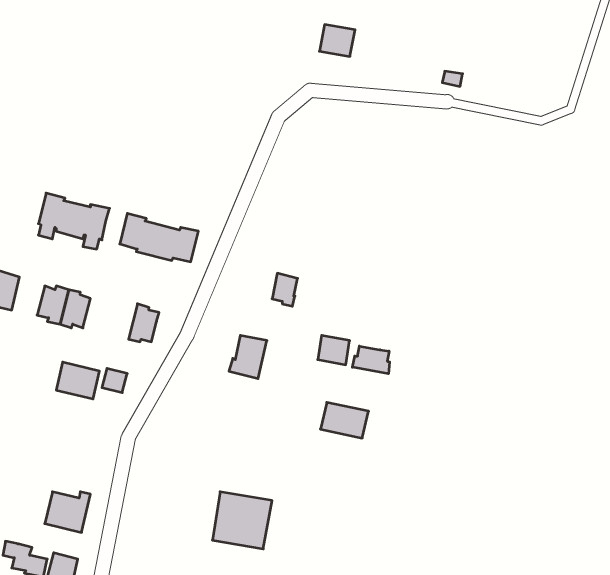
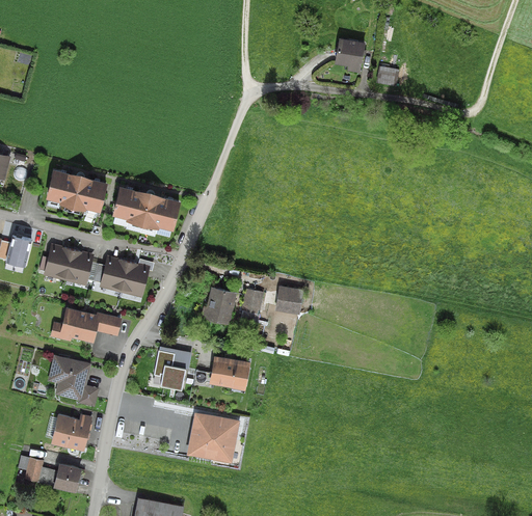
building: [319,25,355,56] -> [336,39,365,65]
building: [272,273,298,306] -> [242,289,263,316]
building: none -> [103,260,129,291]
building: [352,346,390,374] -> none
building: [320,402,369,438] -> [210,359,249,388]
building: none -> [154,351,188,388]
building: none -> [52,357,98,404]

